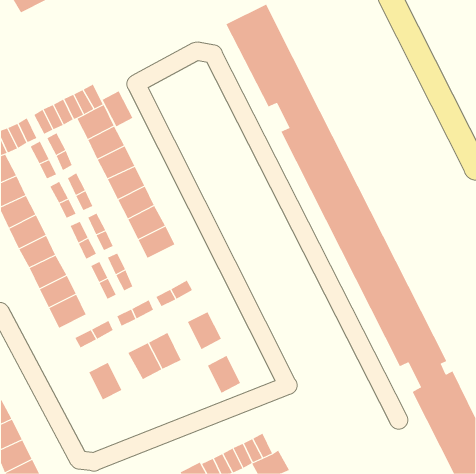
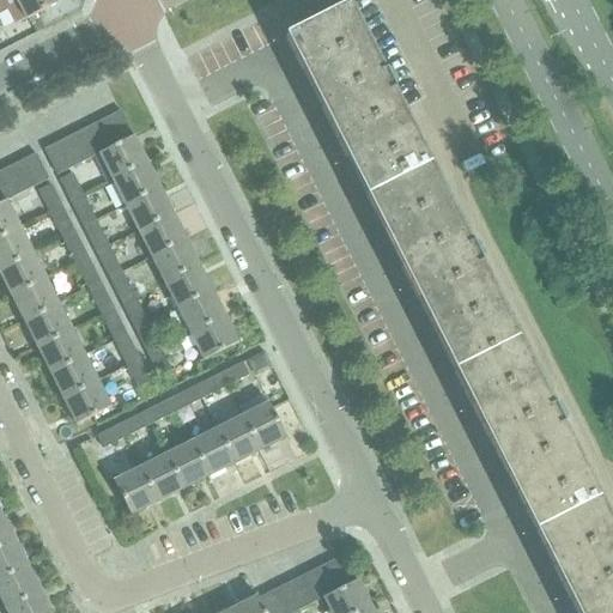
building: [102,90,133,127] -> none
building: none -> [189,314,238,358]
building: none -> [139,453,183,500]
building: [207,355,241,393] -> [216,413,259,462]

